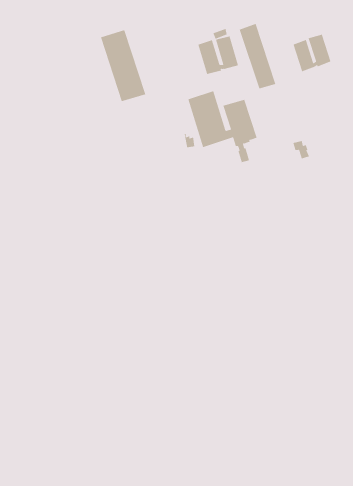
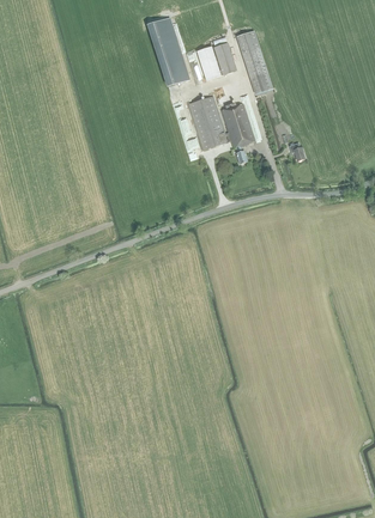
building: [100,30,146,102] -> [145,17,189,86]
building: [293,34,331,72] -> none

